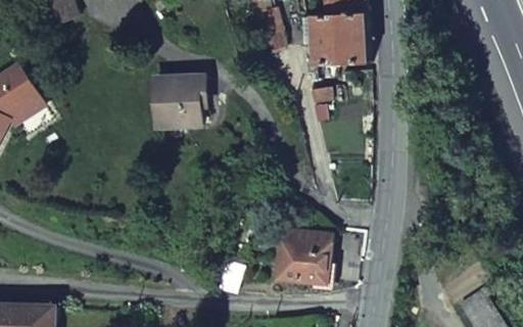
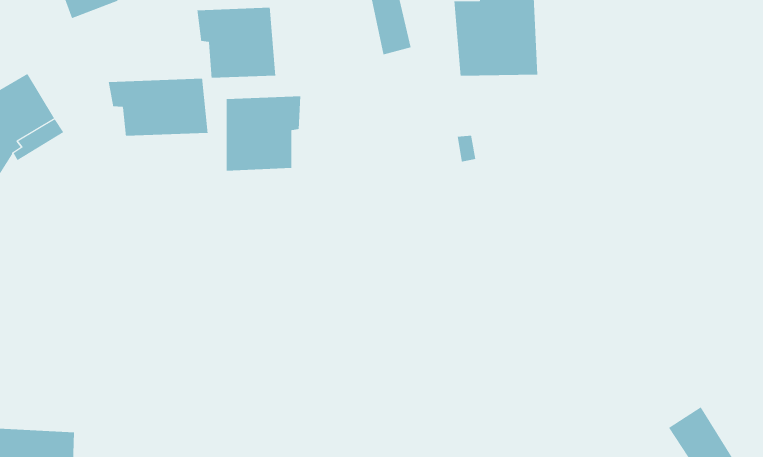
building: none -> [197,7,276,78]
building: none -> [108,78,208,137]
building: [279,231,331,283] -> none

